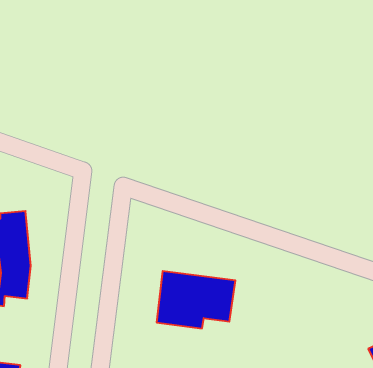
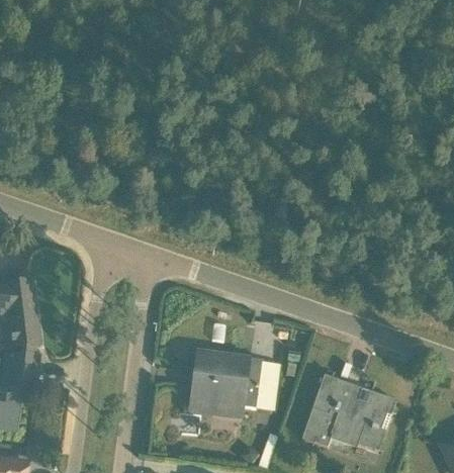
building: none -> [301,375,394,451]

